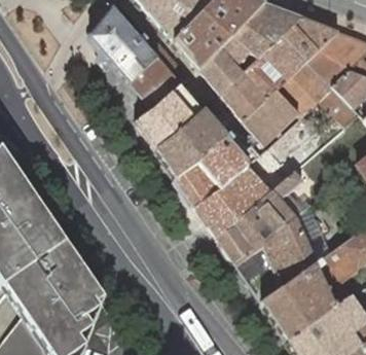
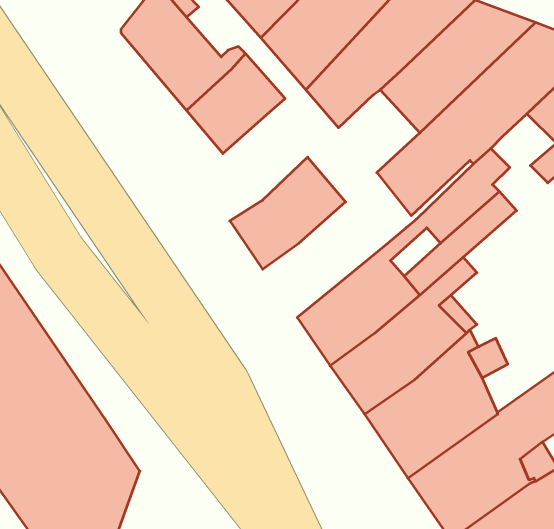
building: [221,70,269,119] -> none
building: [136,83,203,148] -> none
building: [176,128,261,206] -> none

